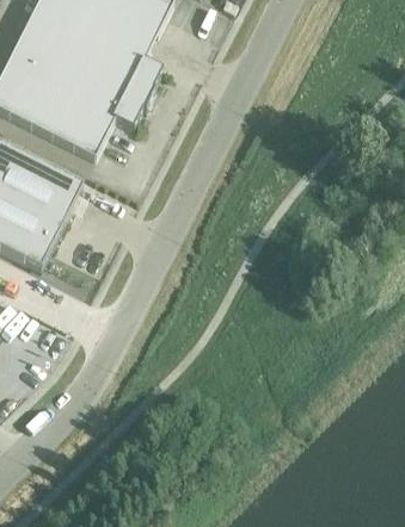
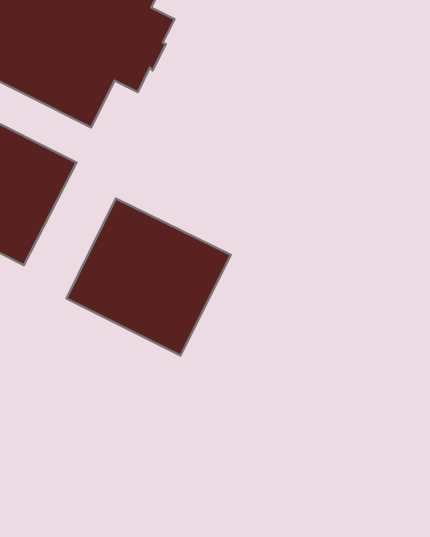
building: none -> [67,199,231,356]

